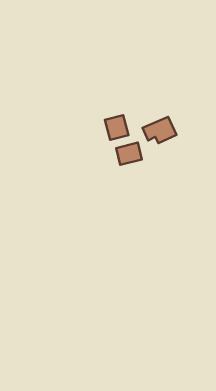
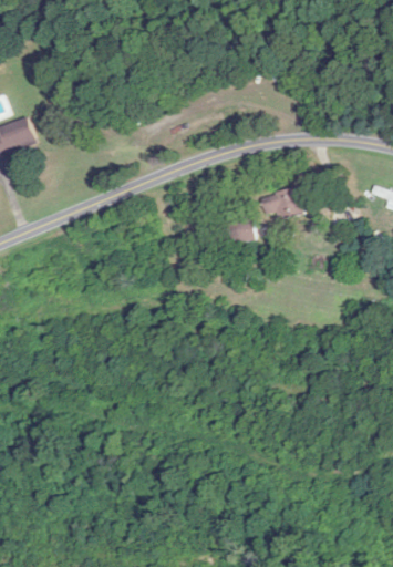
building: [105,115,129,140] -> none

